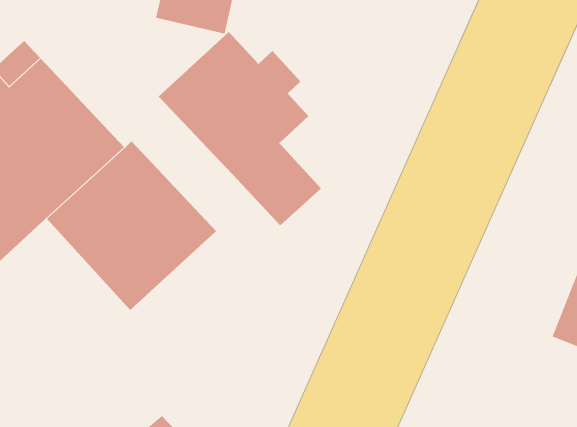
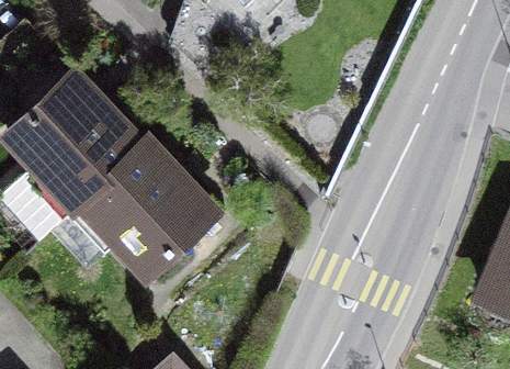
building: [158,31,322,226] -> none

